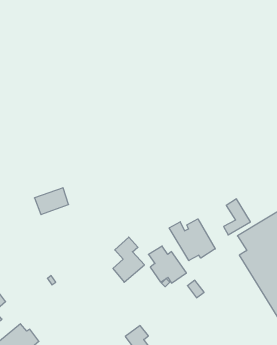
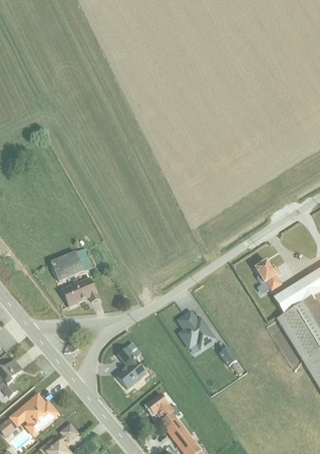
building: none -> [61,276,96,302]
building: [169,219,215,261] -> none
building: [113,237,144,282] -> [114,342,148,391]

